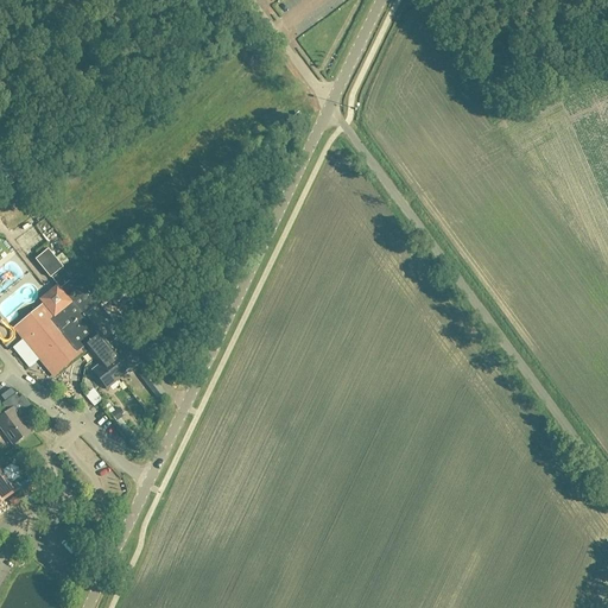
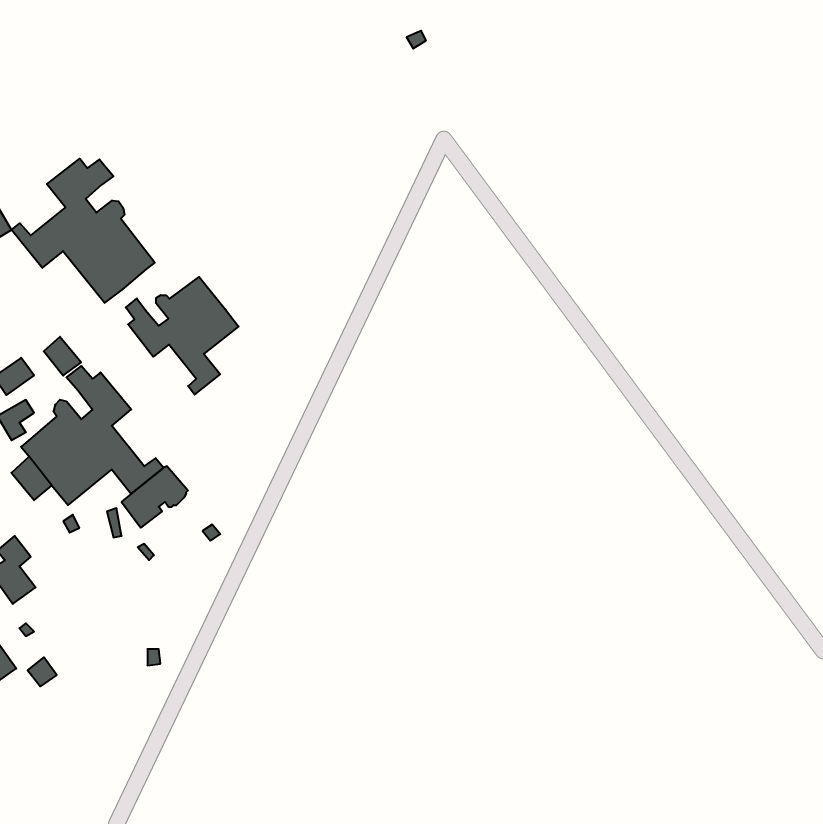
building: none -> [11,159,155,303]
building: none -> [126,277,239,395]

